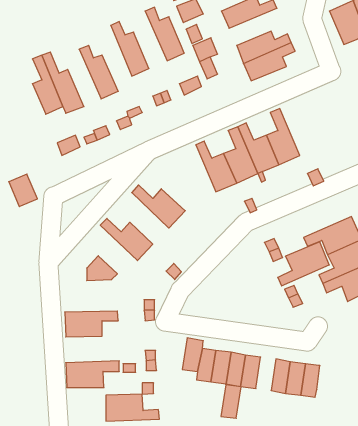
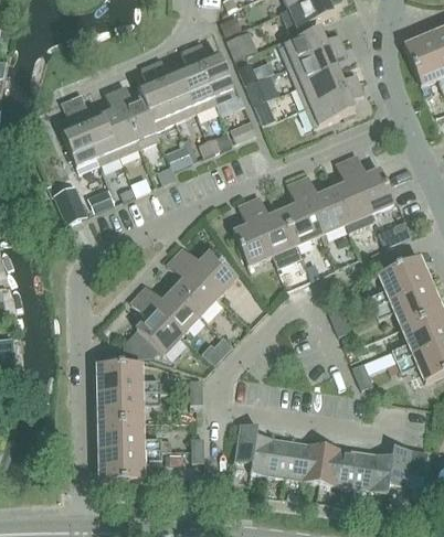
building: none -> [287,43,347,86]
building: none -> [177,46,215,112]
building: none -> [136,63,175,129]
building: none -> [101,90,139,157]
building: none -> [346,154,393,213]
building: none -> [232,201,272,266]
building: [9,174,37,207] -> [53,186,86,224]
building: none -> [167,256,218,315]
building: none -> [130,293,181,354]
building: [278,242,329,286] -> [369,257,429,308]
building: none -> [97,363,158,394]
building: none -> [389,447,426,485]
building: [221,385,241,418] -> [318,445,341,484]
building: [106,394,159,421] -> [98,421,160,452]

